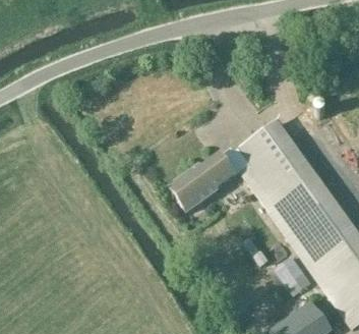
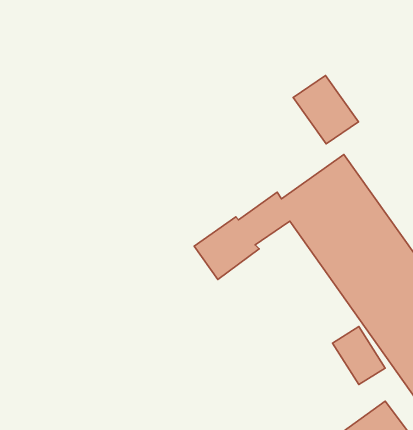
building: none -> [293,76,359,144]

